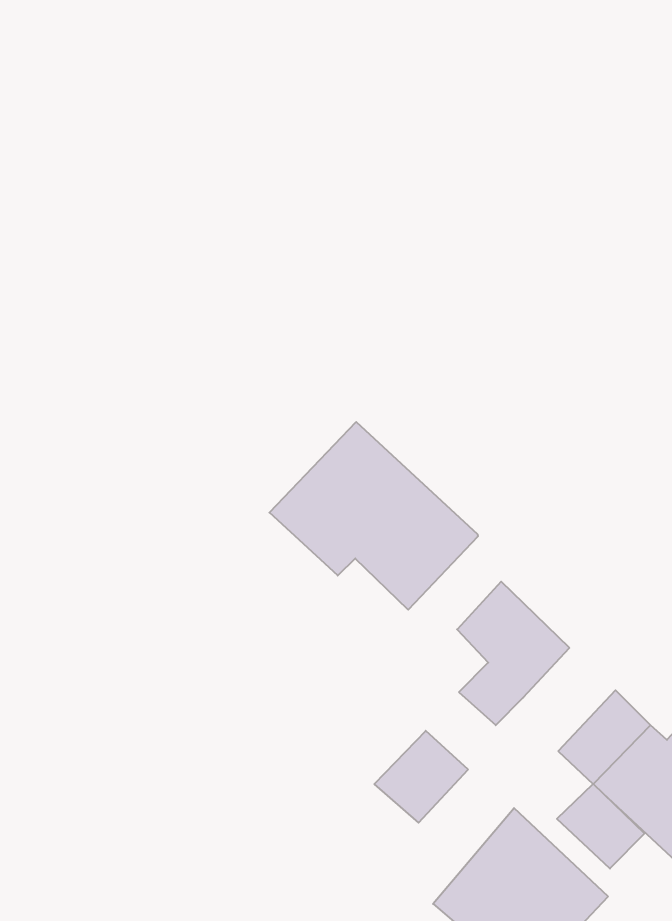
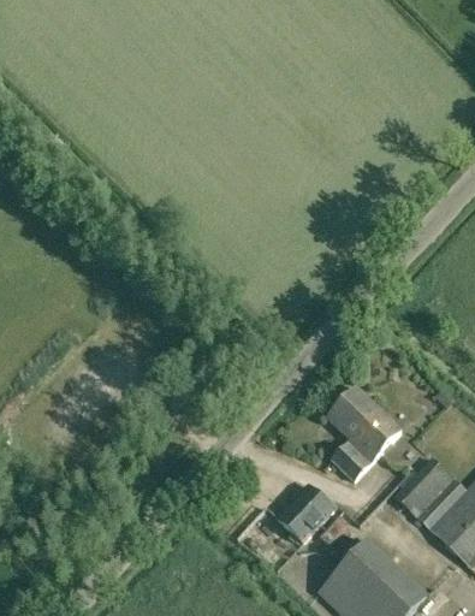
building: [269,422,478,610] -> none
building: [557,784,644,869] -> none

